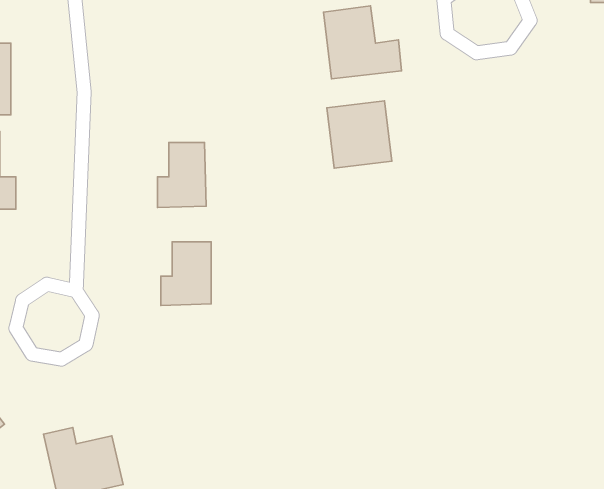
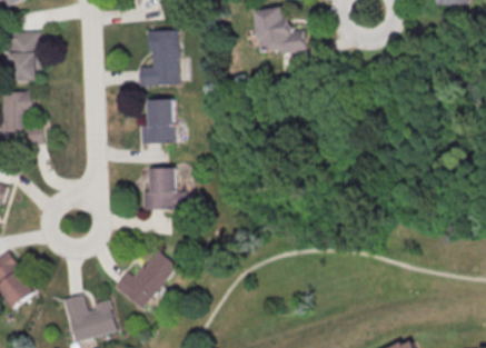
building: none -> [139,30,178,86]
building: [327,101,392,168] -> none
building: none -> [113,250,177,309]

